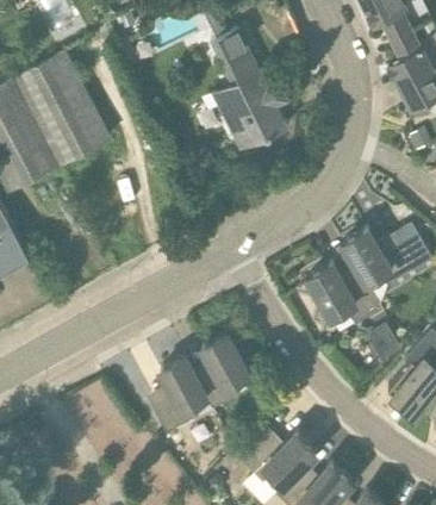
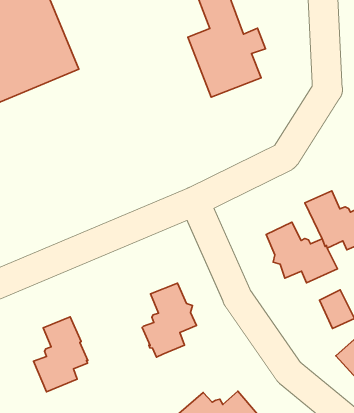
building: [154,357,206,432] -> [34,317,88,392]

